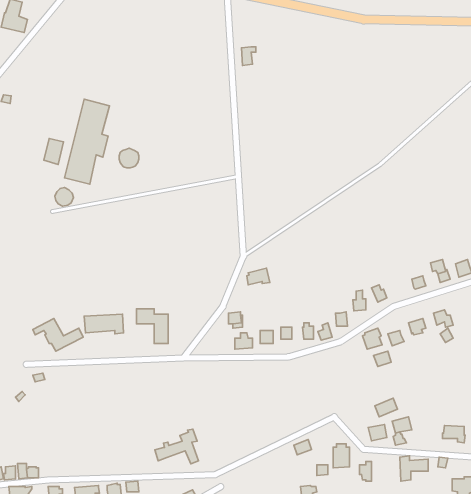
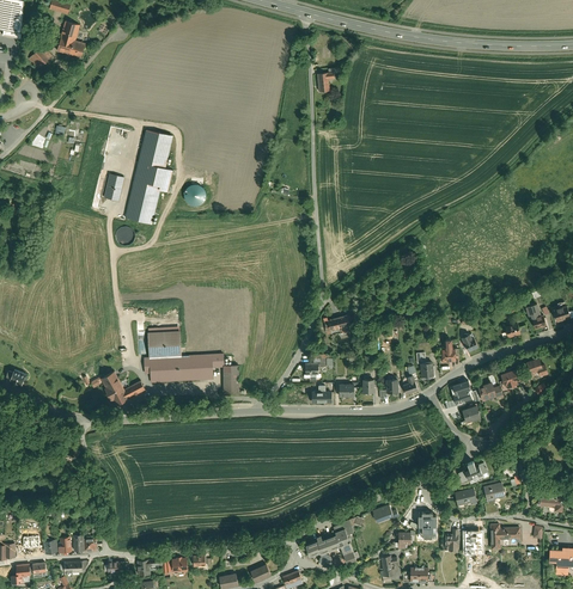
building: none -> [148,331,181,362]
building: [155,429,198,464] -> [309,521,356,559]

